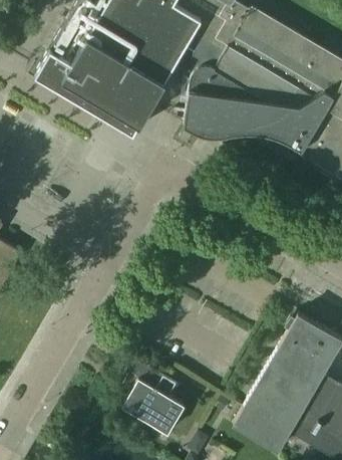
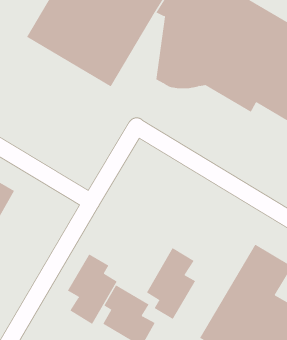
building: none -> [146,247,196,320]
building: none -> [67,253,118,325]

